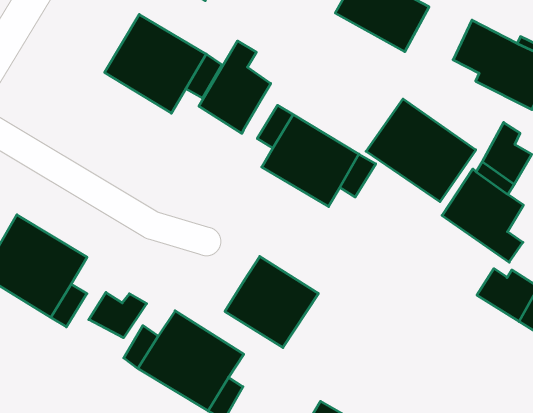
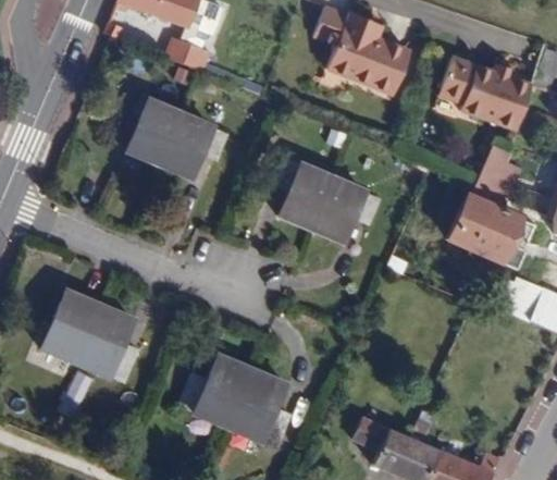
building: [199,41,271,133] -> none
building: [366,99,476,202] -> none
building: [225,256,318,348] -> none
building: [89,292,147,338] -> none

